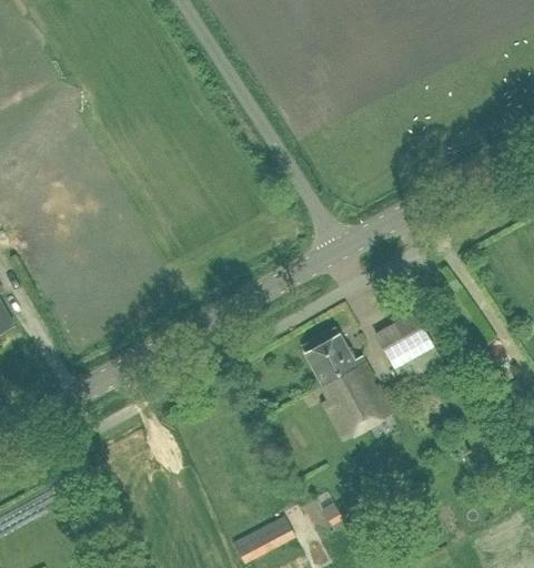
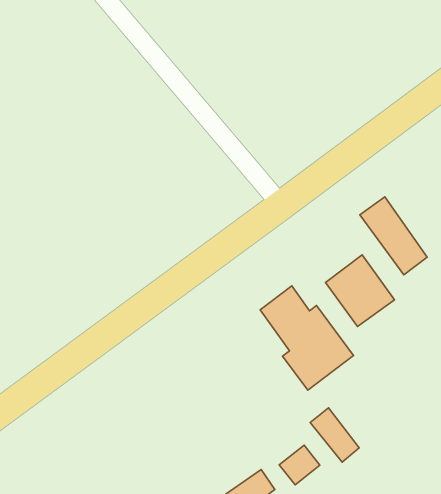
building: none -> [360,197,427,275]
building: none -> [310,408,359,462]

